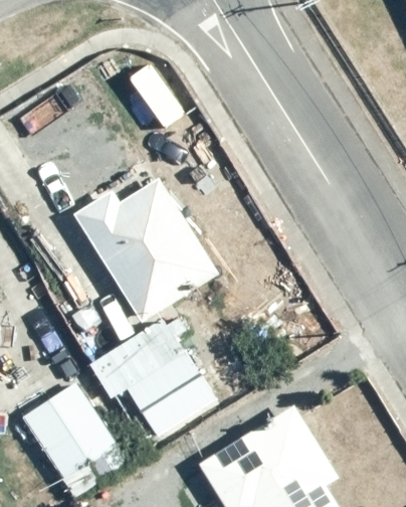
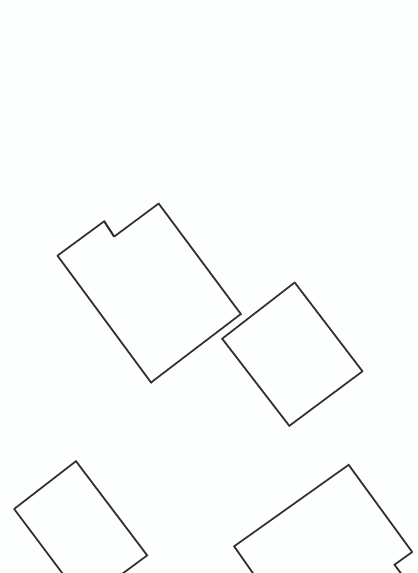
building: none -> [222,283,362,426]
building: [88,315,214,436] -> none

